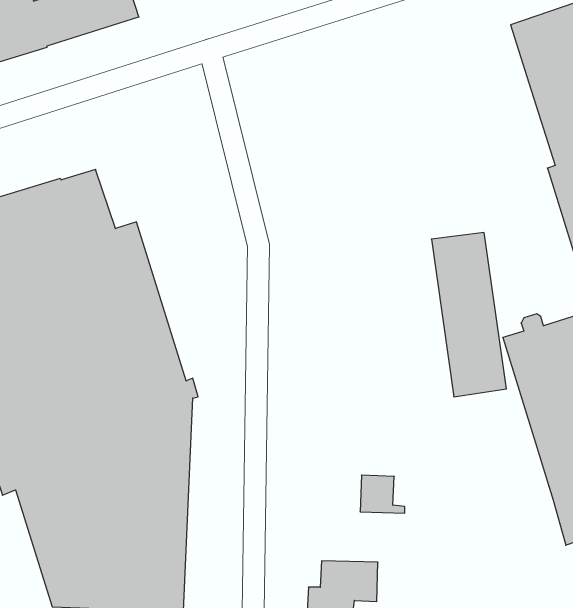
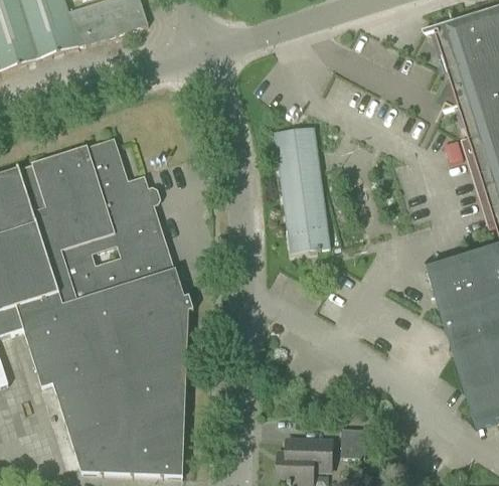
building: [431,233,506,397] -> [274,126,331,252]
building: [360,475,405,513] -> [340,425,374,454]

